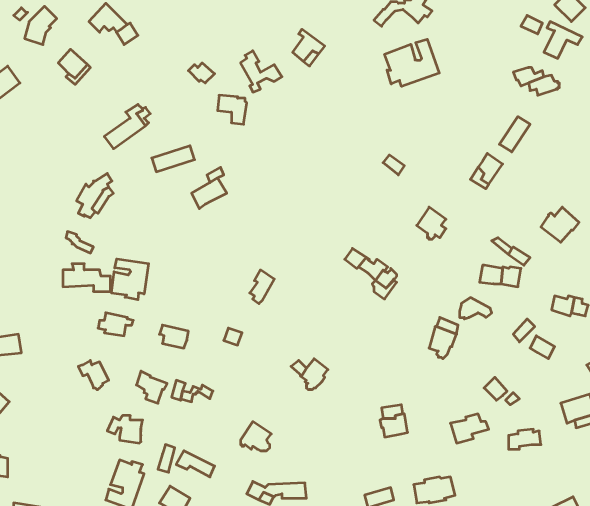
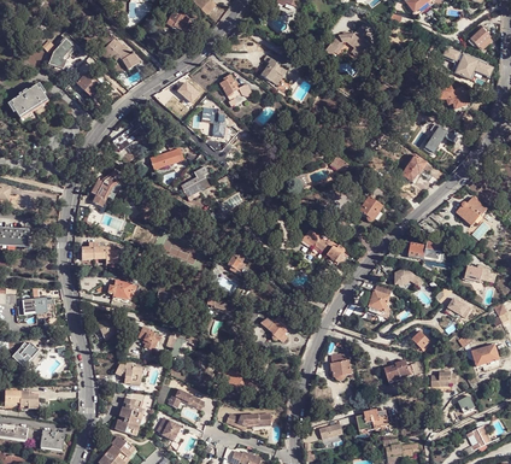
building: [385,39,439,86] -> none
building: [112,259,149,300] -> none

